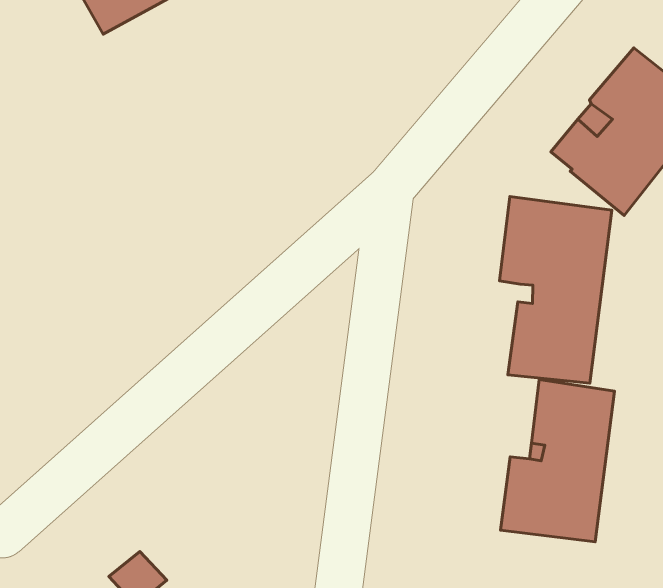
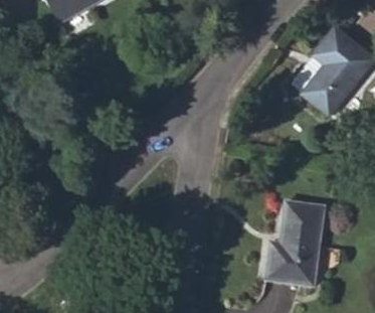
building: [499,196,612,383] -> none

